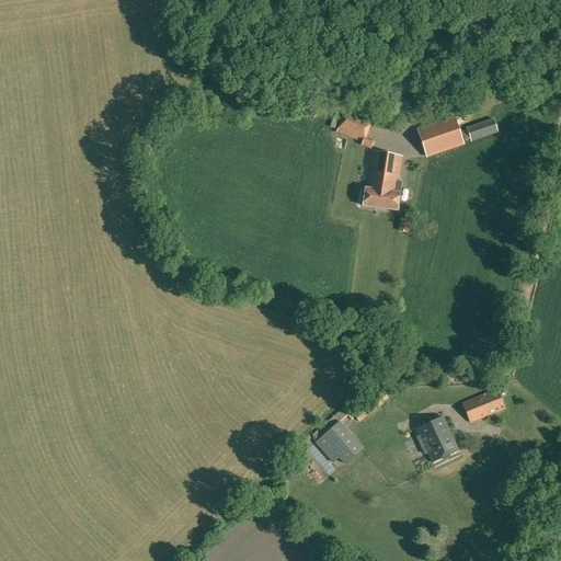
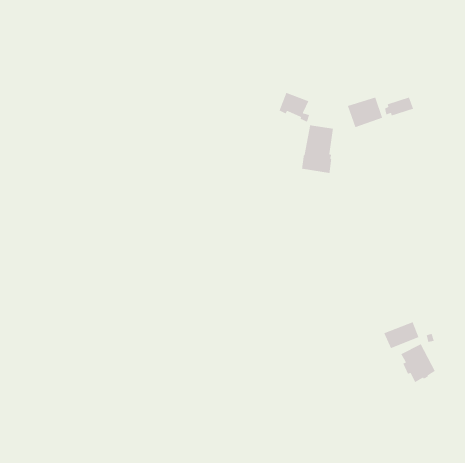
building: [415,414,458,462] -> [400,343,436,383]
building: [314,421,363,463] -> none

